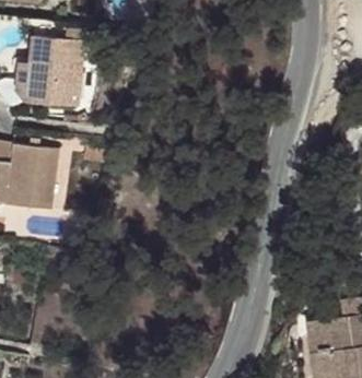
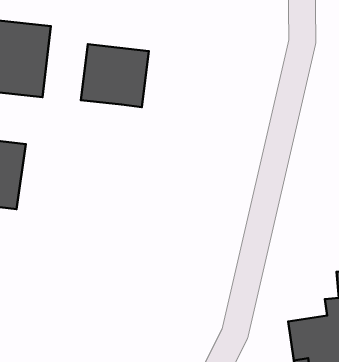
building: none -> [81,44,149,107]

